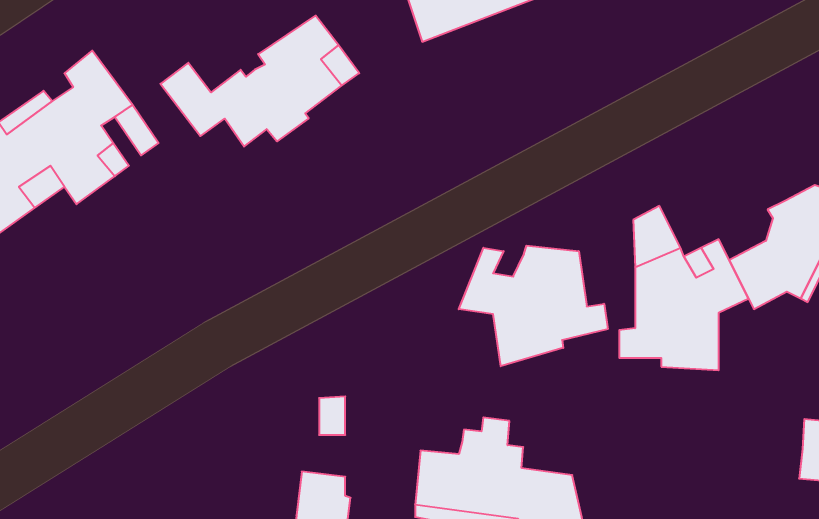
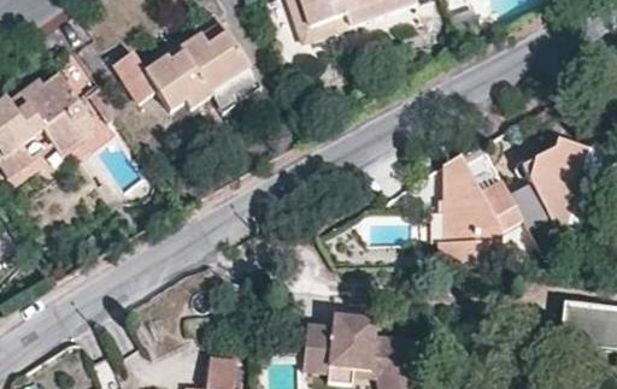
building: [459,246,608,366] -> none

